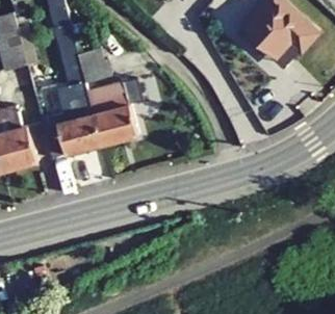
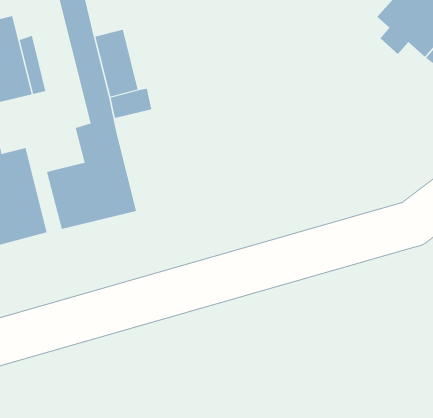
building: [83,90,135,156] -> none

